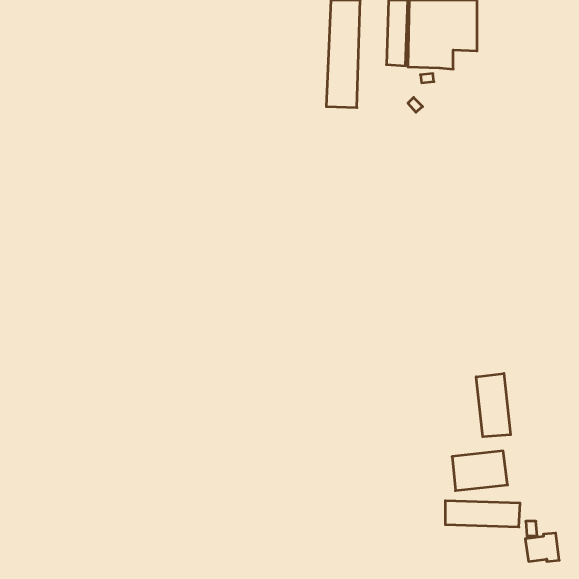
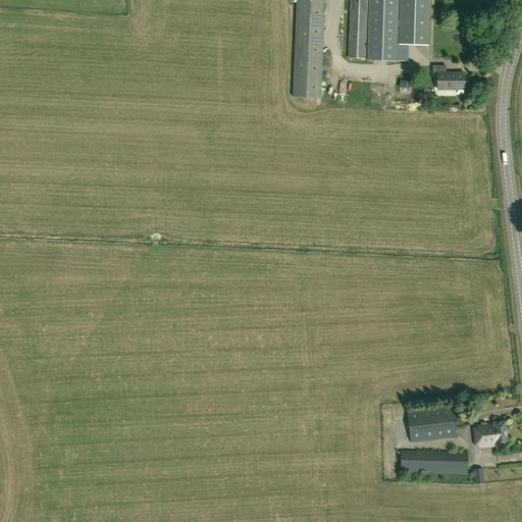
building: none -> [433,66,464,90]
building: [476,373,511,437] -> none
building: [525,533,559,561] -> [477,421,508,447]

